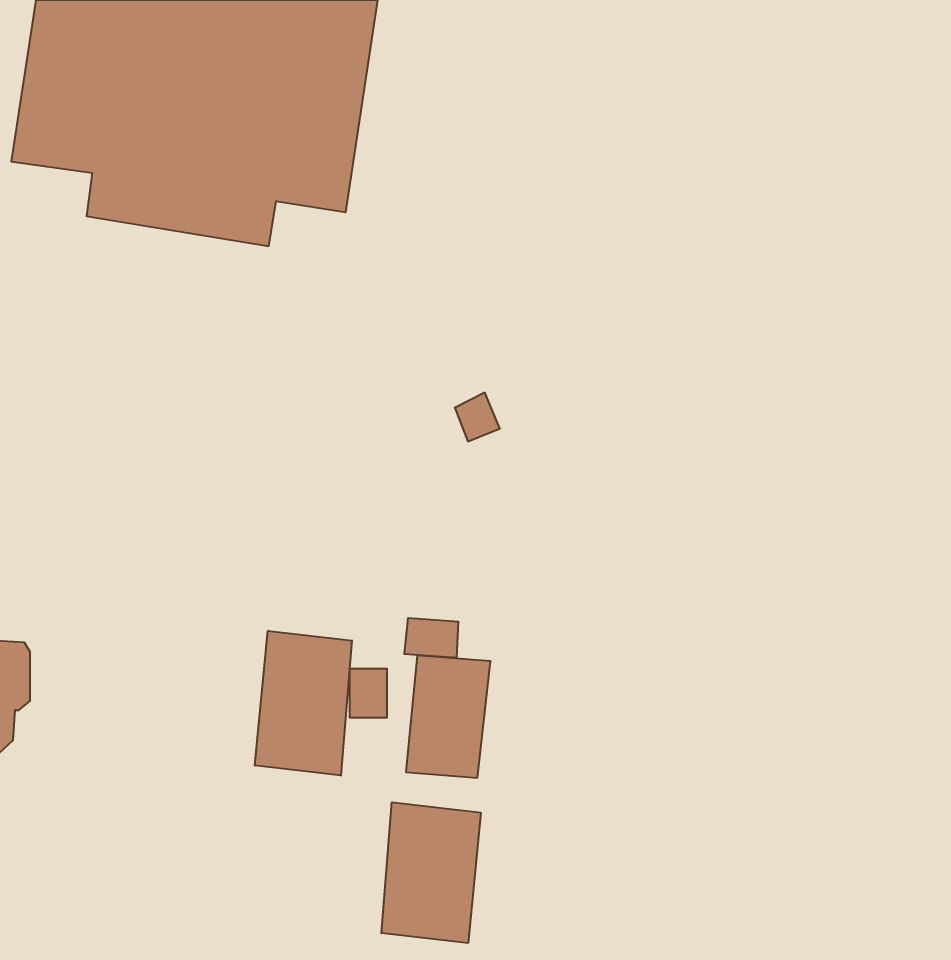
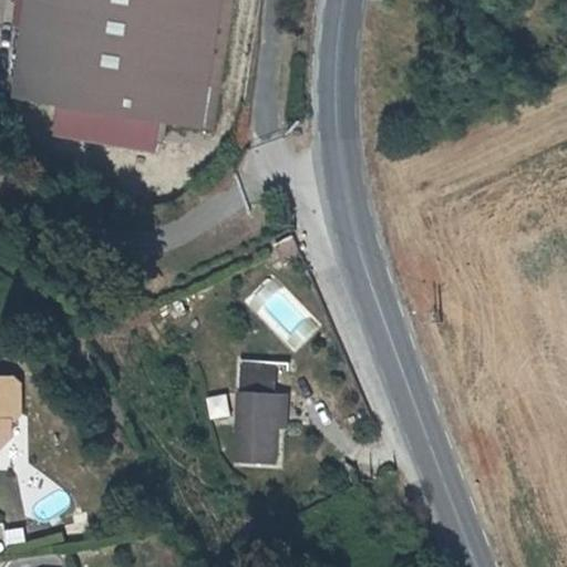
building: [255,631,352,776] -> none
building: [381,802,481,943] -> none

